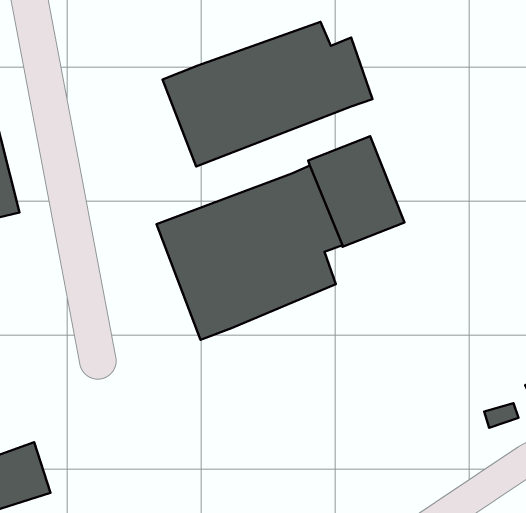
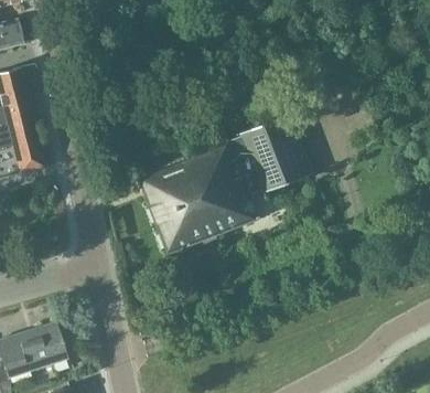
building: [162,22,372,167] -> none

